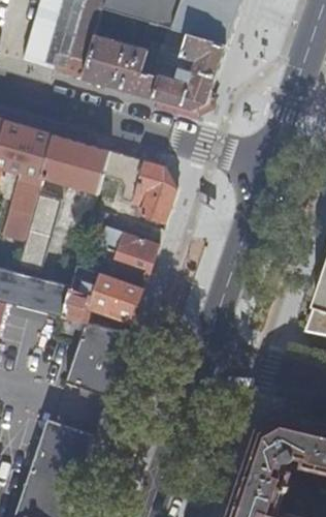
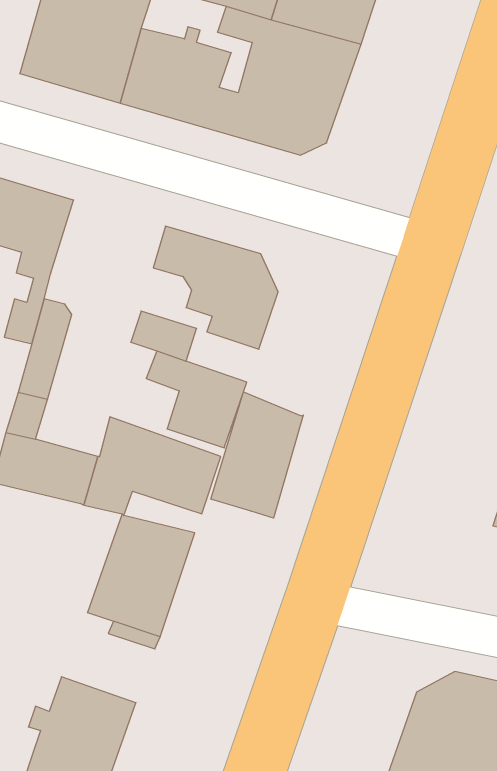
building: [41,136,109,196] -> none
building: none -> [211,392,303,518]

